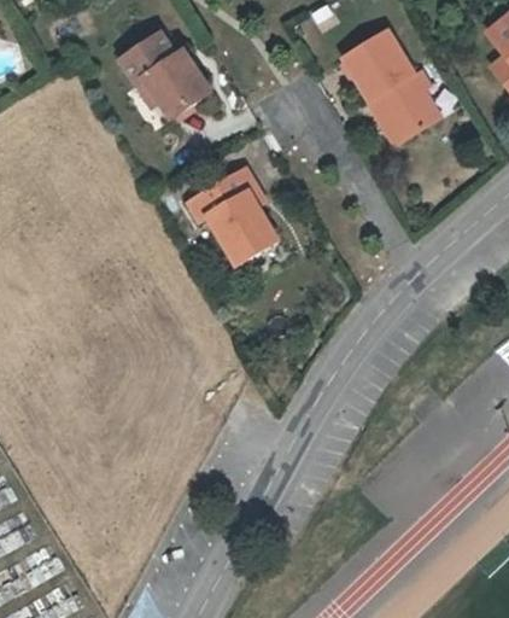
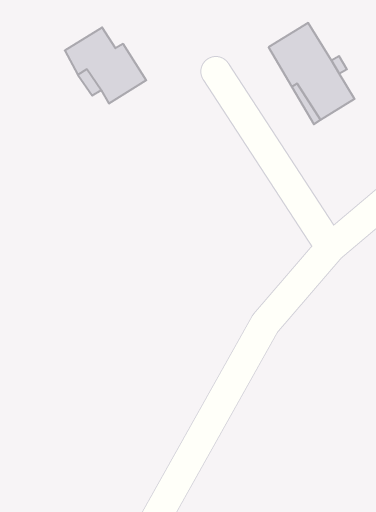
building: [191,170,280,268] -> none

